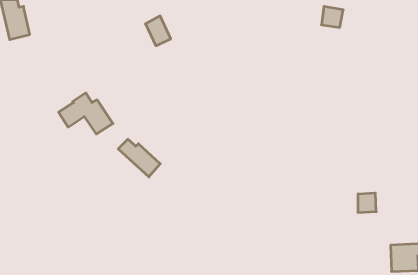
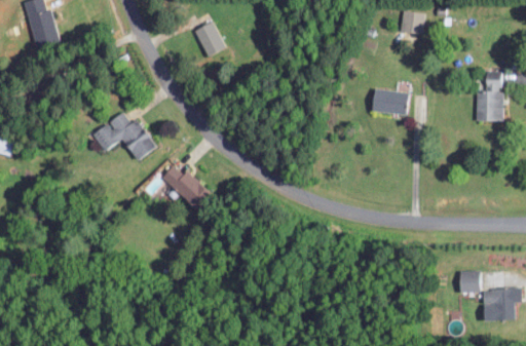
building: none -> [477,71,503,121]
building: none -> [372,88,408,114]
building: [358,193,376,212] -> [459,270,481,293]

